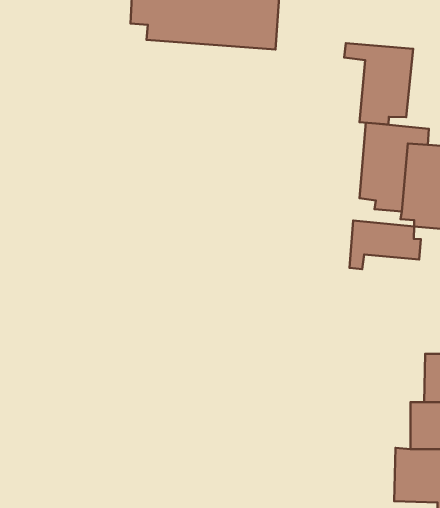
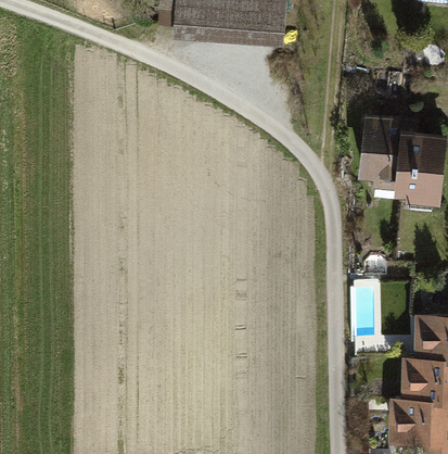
building: [344,43,413,125] -> none
building: [349,220,421,269] -> none

